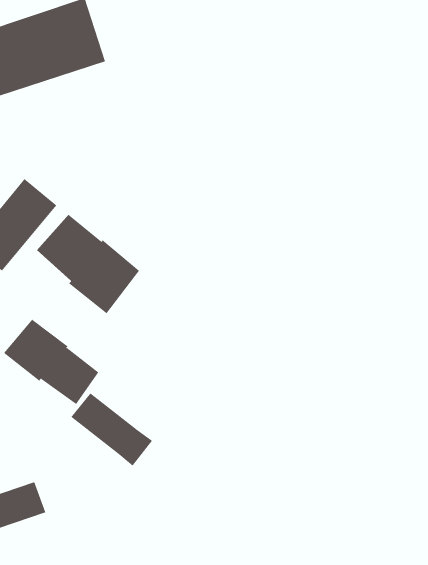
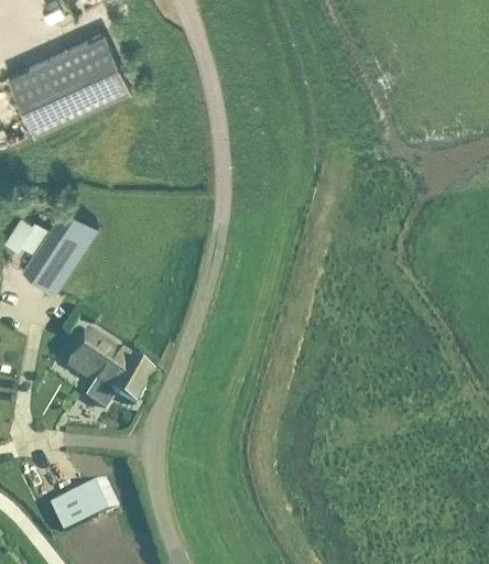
building: [36,214,140,314] -> none
building: [71,392,153,466] -> none

